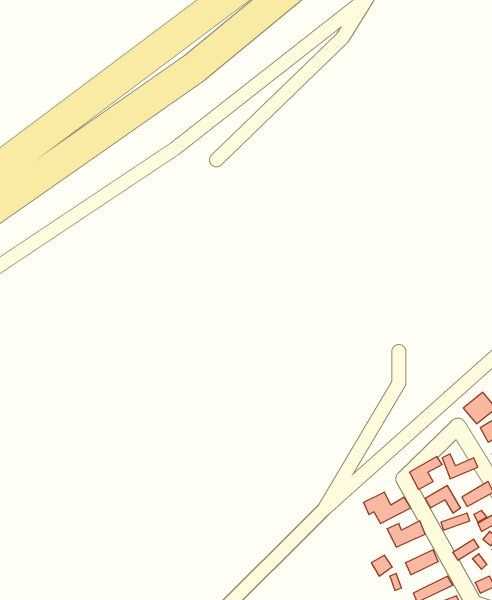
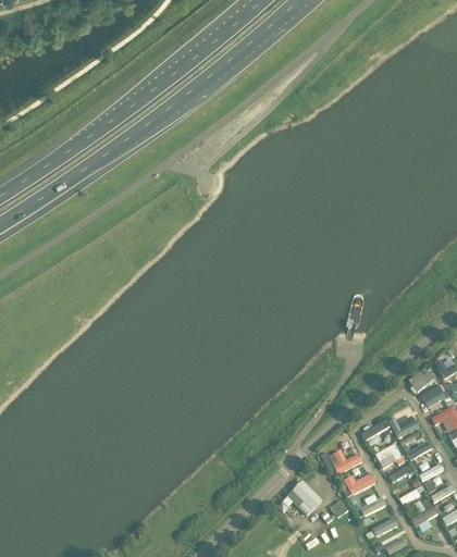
building: none -> [277,479,323,516]

